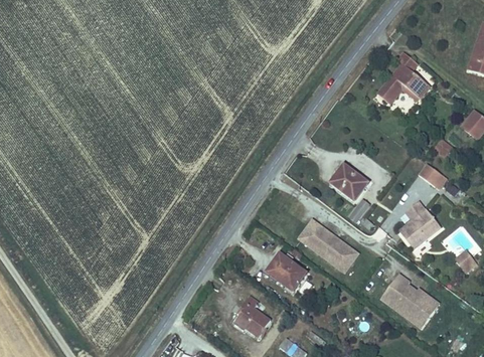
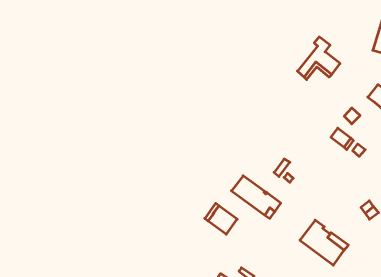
building: [330,165,366,200] -> none
building: [398,201,440,247] -> none
building: [234,295,271,337] -> none

